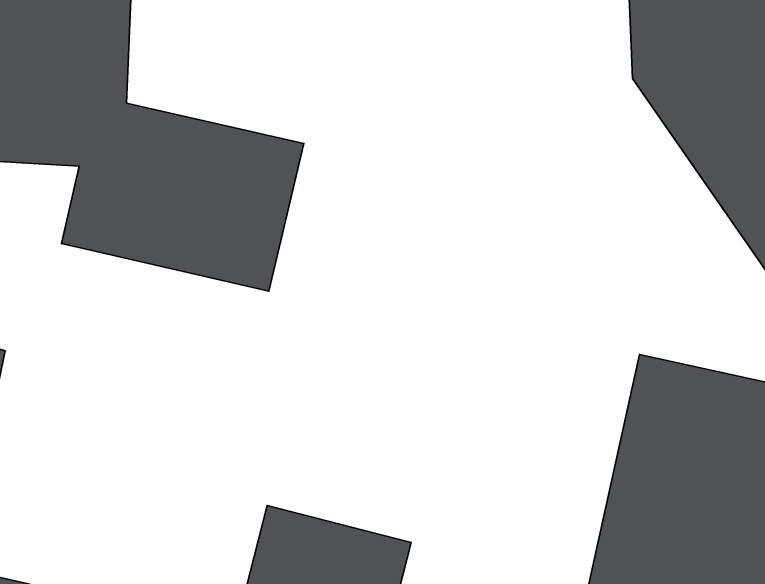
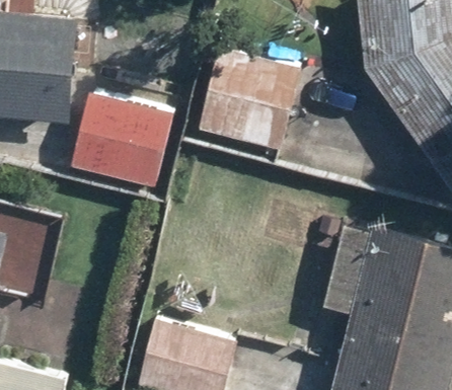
building: none -> [196,42,305,155]

